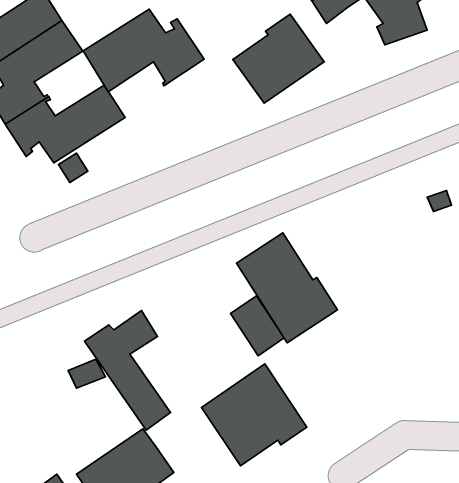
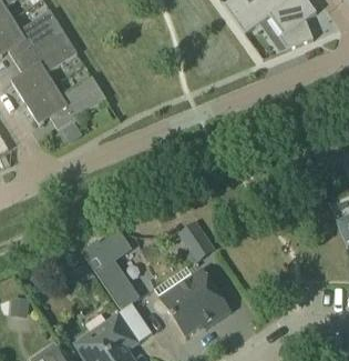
building: [83,9,204,92] -> none
building: [233,14,324,103] -> none
building: [236,233,338,343] -> none

